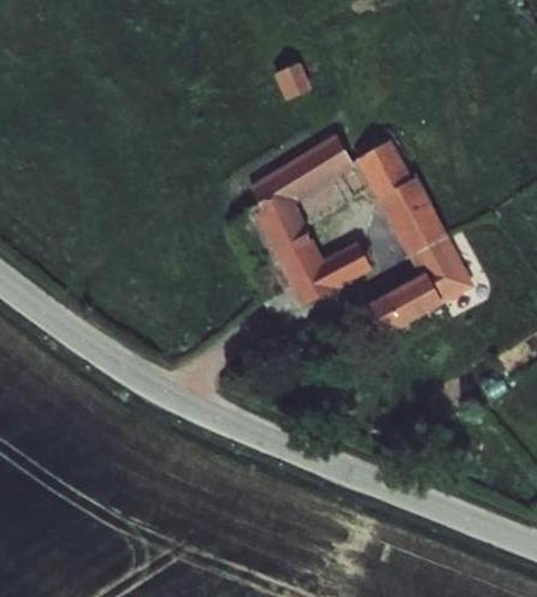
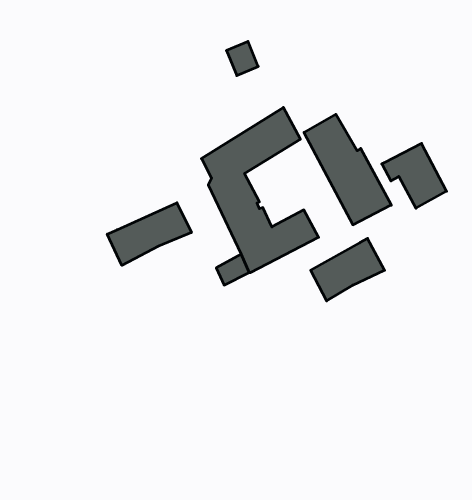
building: none -> [107,203,191,265]
building: [406,236,474,305] -> [382,143,447,208]

